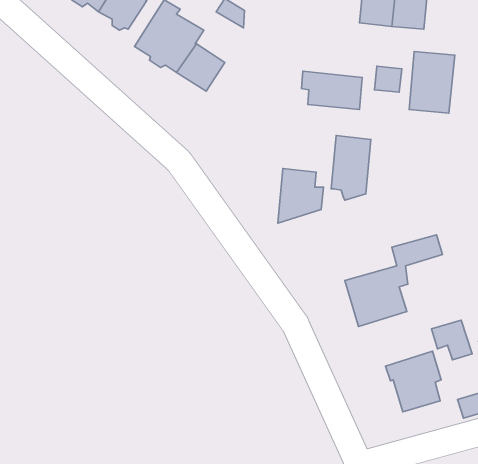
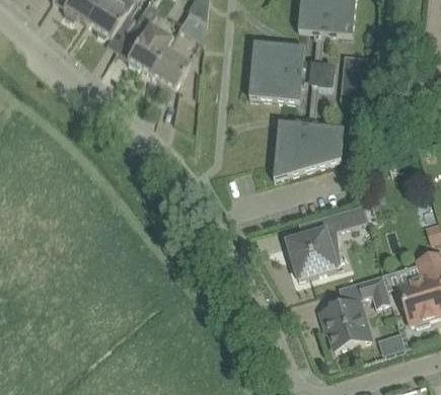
building: none -> [252,43,304,73]
building: [278,169,324,223] -> [304,124,342,168]

